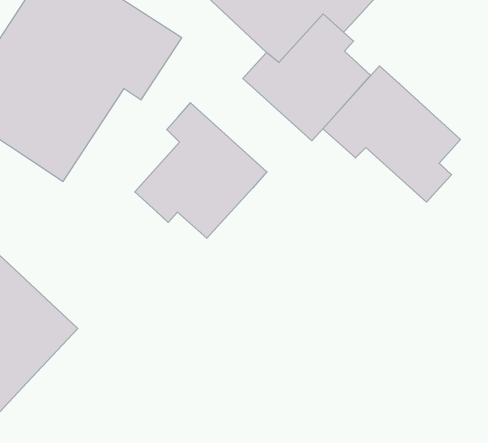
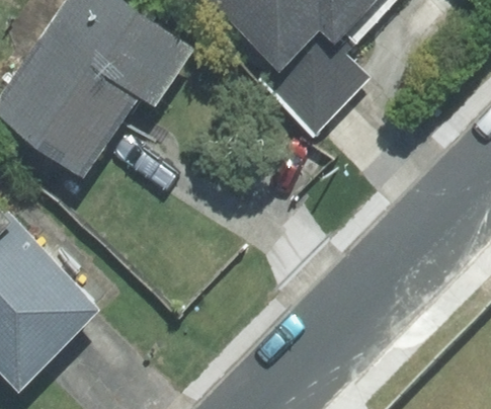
building: [323,66,460,202] -> none
building: [135,103,267,238] -> none

